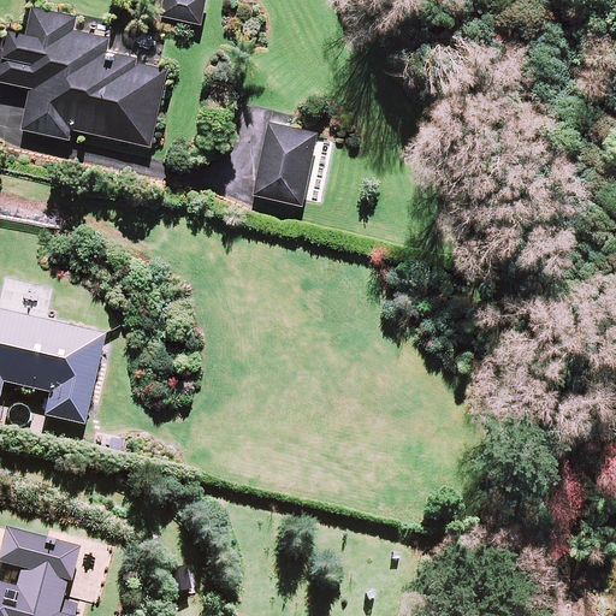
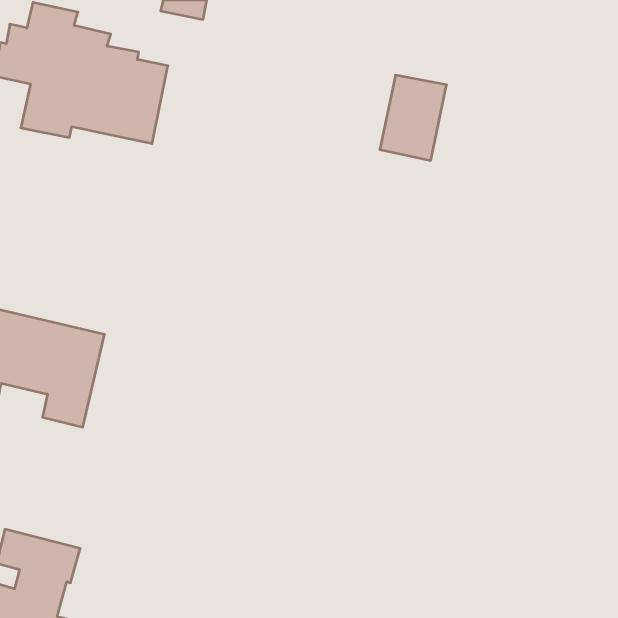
building: [251,120,318,205] -> [380,75,447,160]

